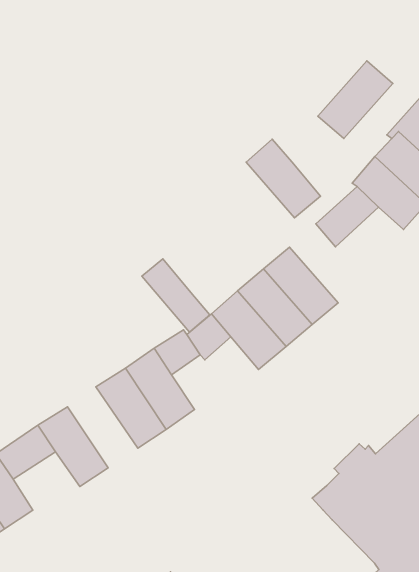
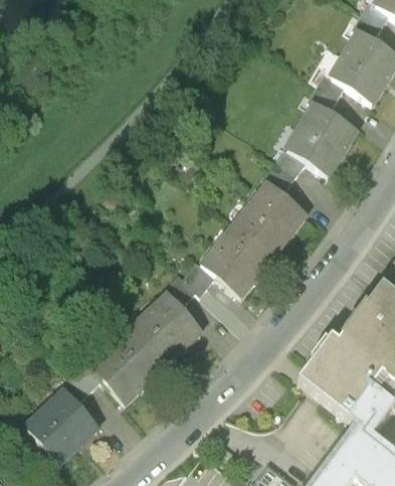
building: [318,61,393,139] -> none
building: [246,139,321,218] -> [249,182,308,236]
building: [142,259,210,332] -> none
building: none -> [109,328,165,385]

